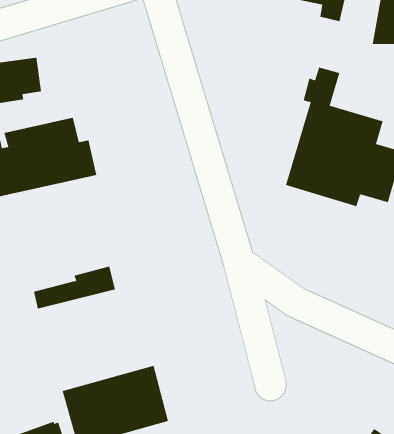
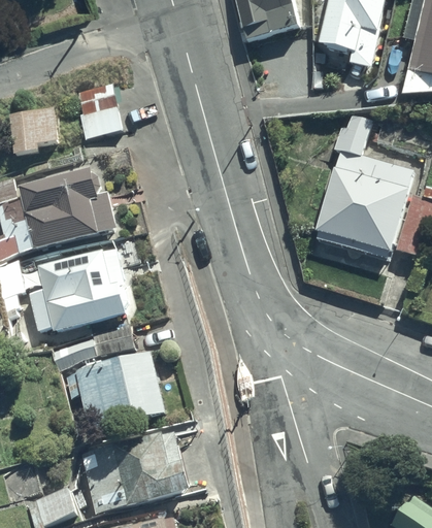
building: none -> [76,85,123,140]
building: none -> [28,249,129,333]
building: none -> [62,353,164,429]

